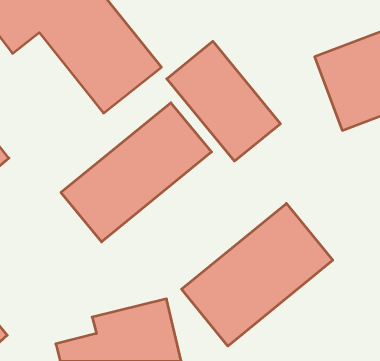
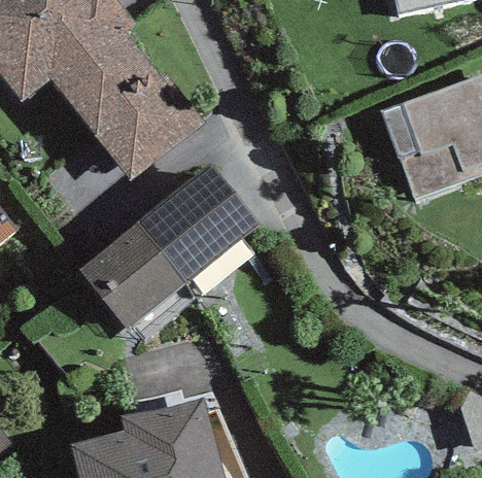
building: [167,41,280,161] -> none
building: [182,203,333,346] -> none

